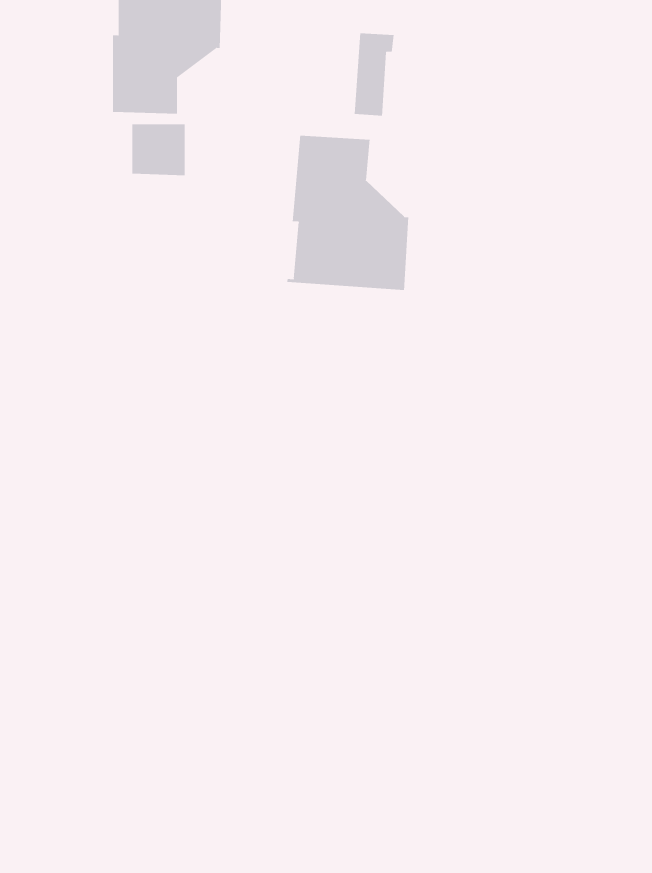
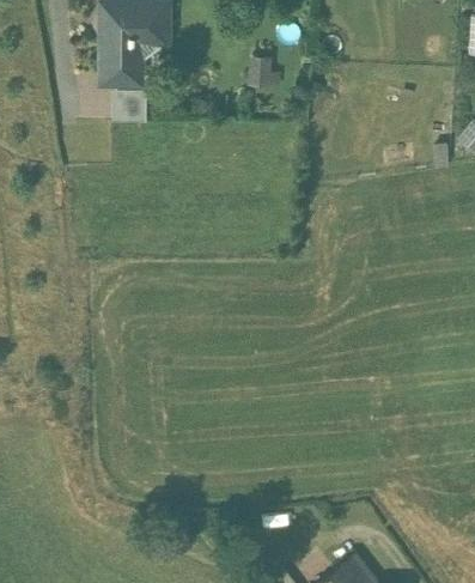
building: [287,135,409,291] -> none

